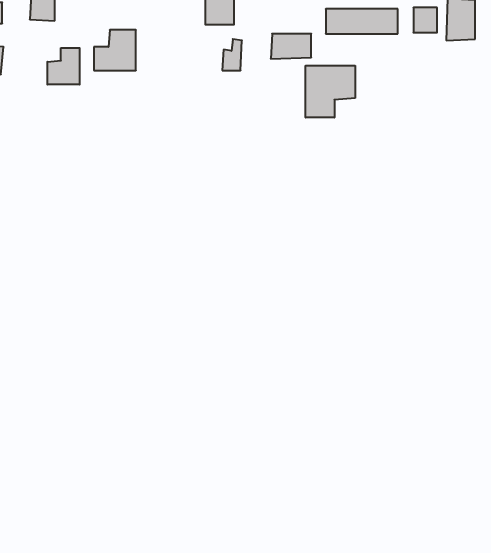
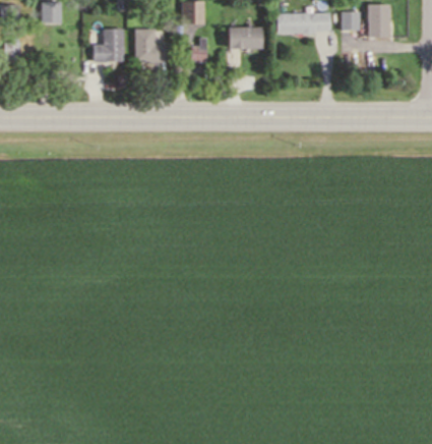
building: none -> [133,29,167,61]
building: [47,48,80,85] -> none
building: [306,66,355,118] -> none

